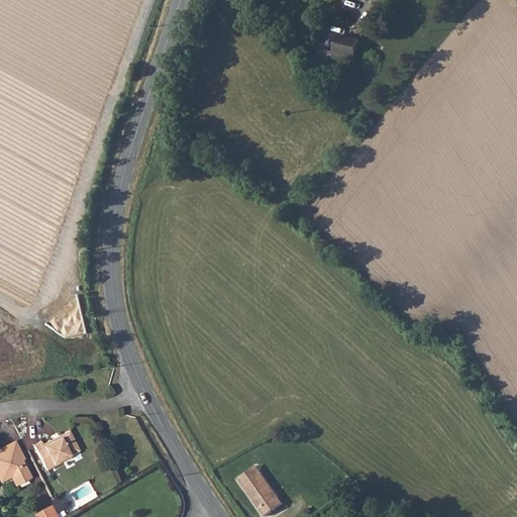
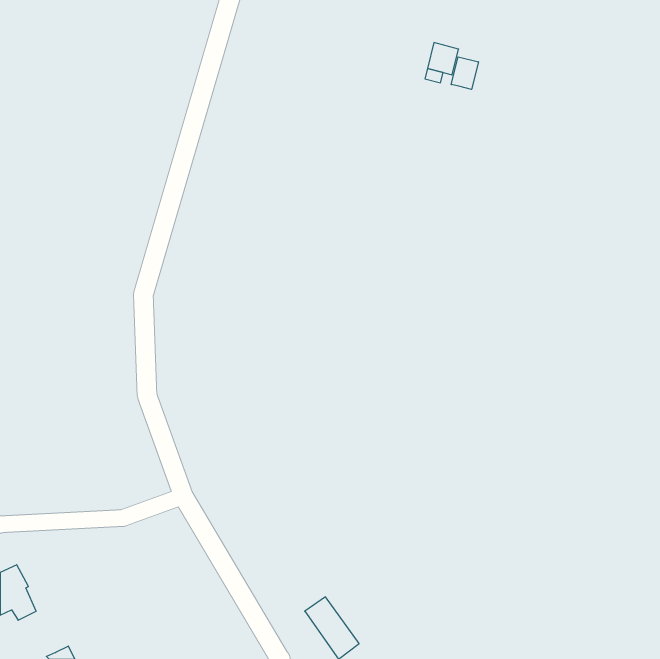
building: none -> [451,57,478,89]
building: [31,430,77,470] -> none

